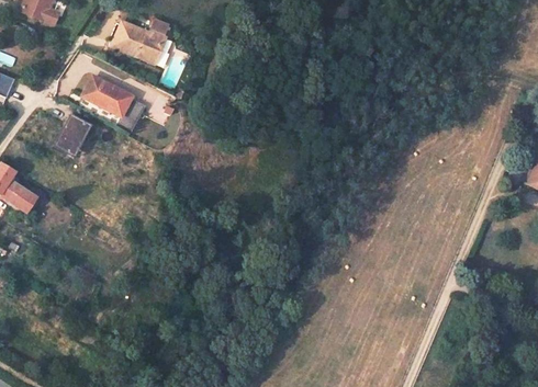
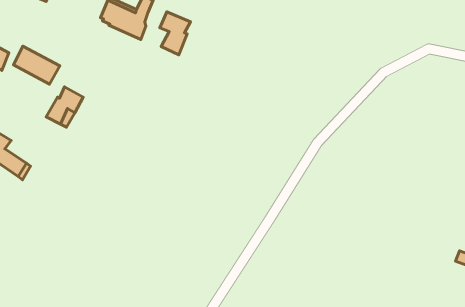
building: none -> [160,12,191,55]
building: [82,76,132,116] -> [14,46,60,84]

